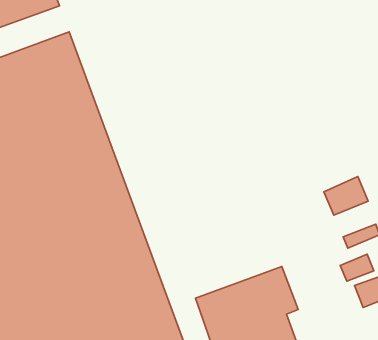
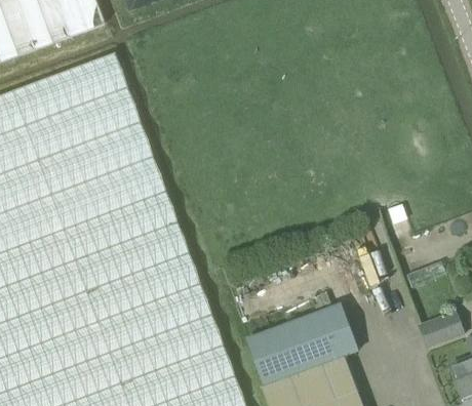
building: [324,176,368,215] -> none
building: [340,254,374,281] -> none

